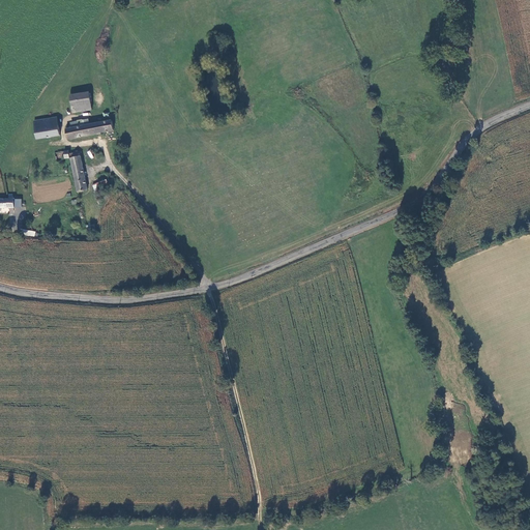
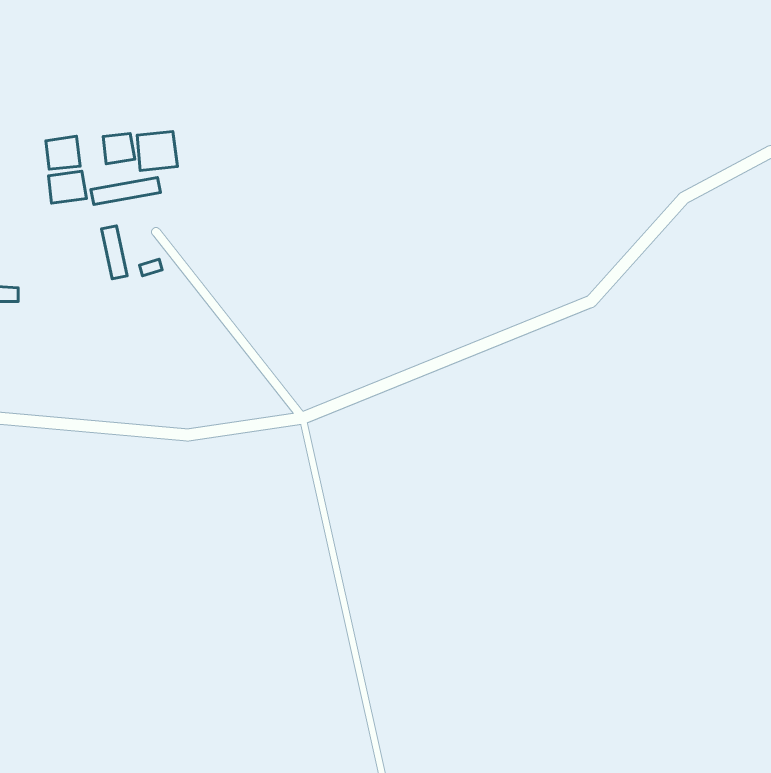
building: none -> [137,132,177,171]
building: none -> [46,136,80,169]

